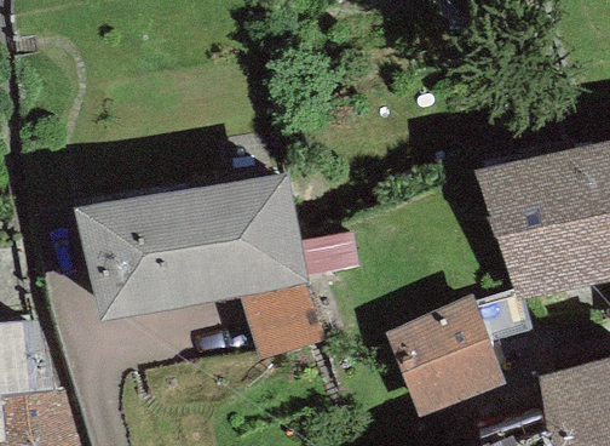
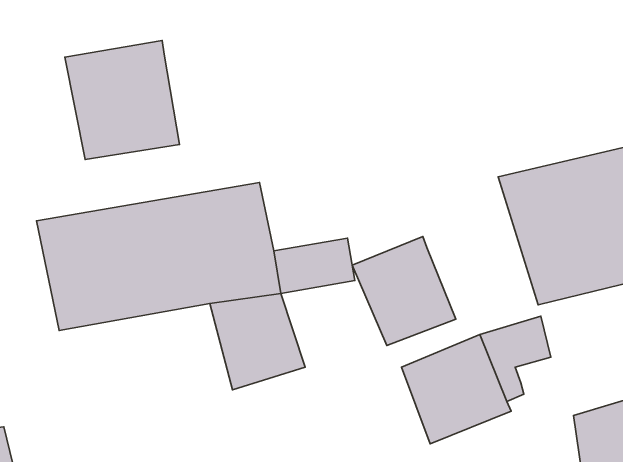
building: none -> [65,40,180,159]
building: none -> [352,237,456,346]

